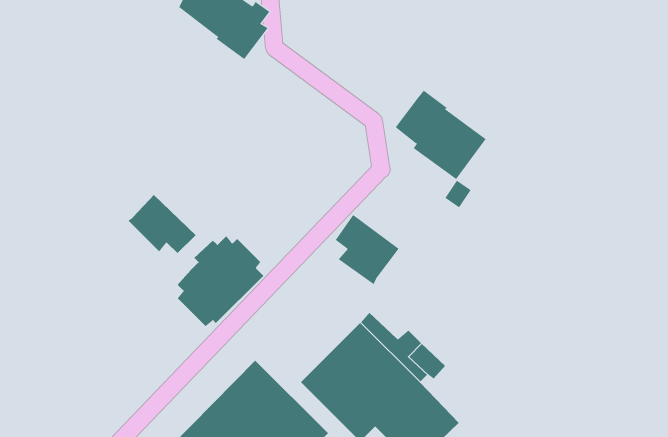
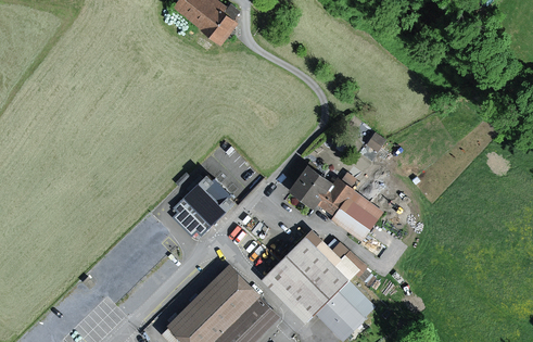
building: [395,90,487,180] -> [317,177,383,242]
building: [127,194,196,254] -> none

